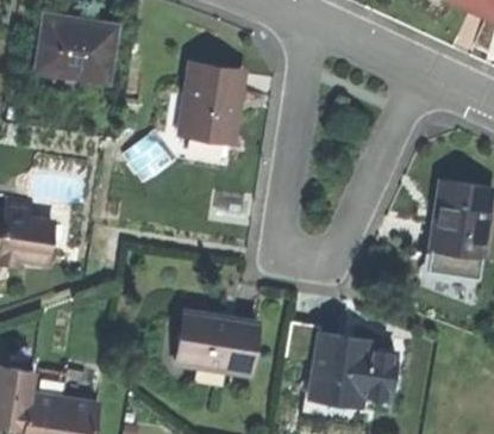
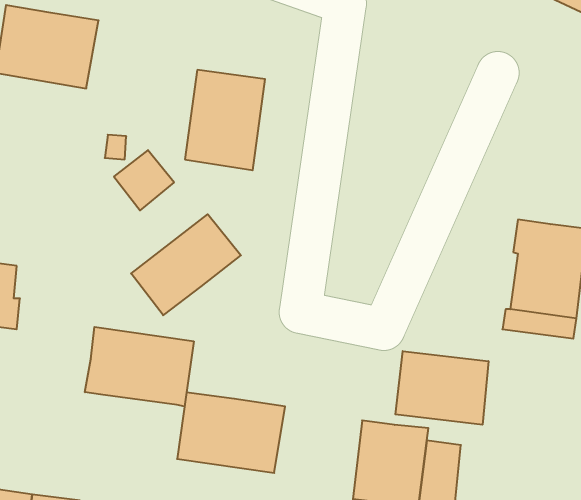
building: none -> [131,214,241,315]
building: none -> [85,327,194,406]
building: none -> [395,351,488,425]

